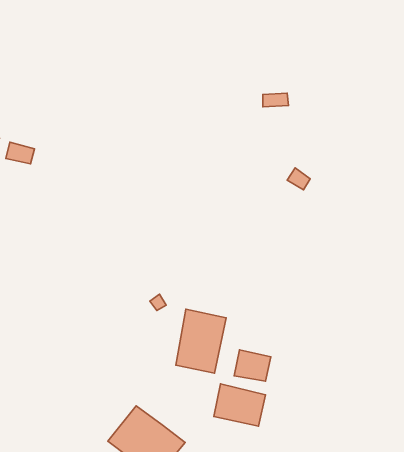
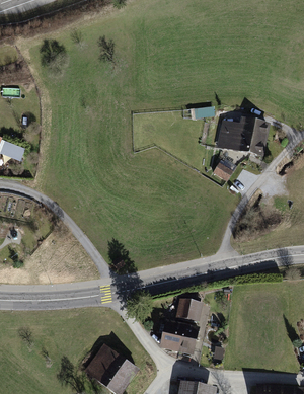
building: none -> [217,116,267,156]
building: [176,309,226,373] -> none

